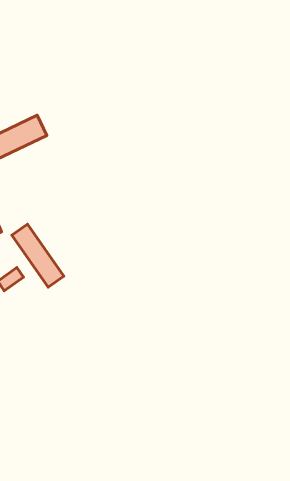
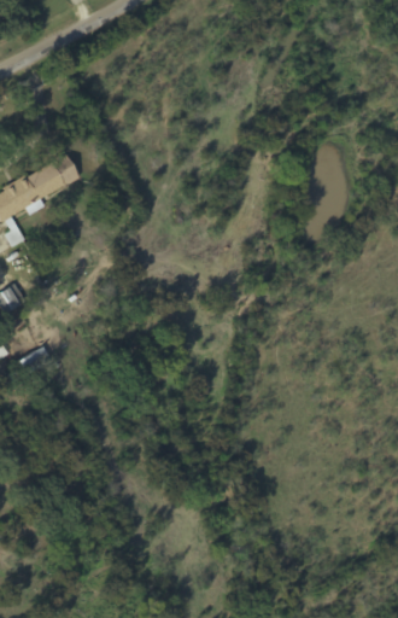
building: [12,224,64,287] -> none

